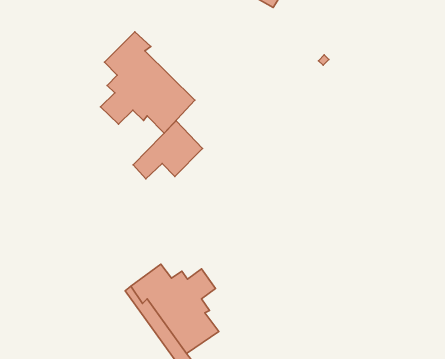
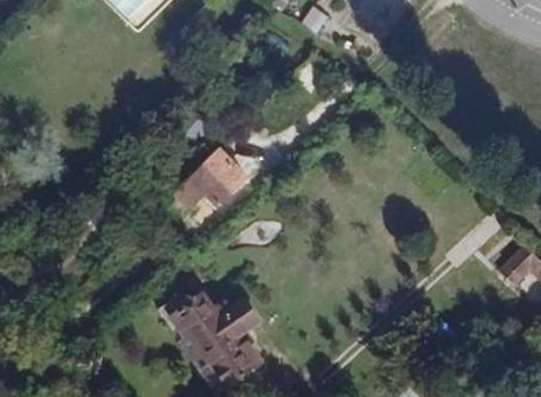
building: [101,32,195,133] -> none

